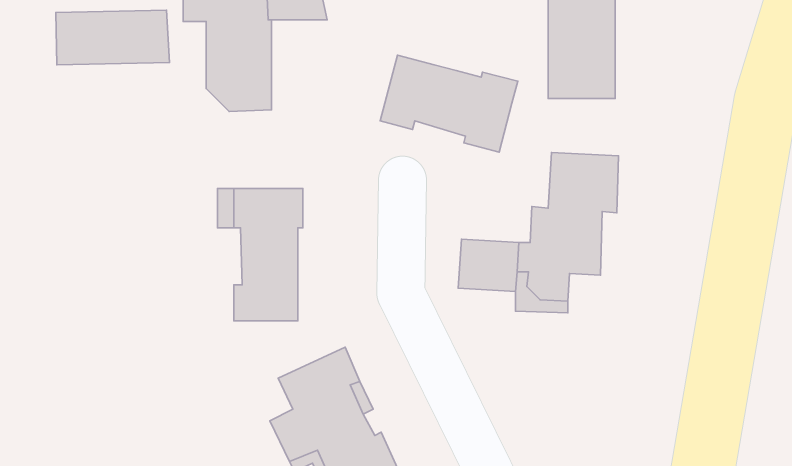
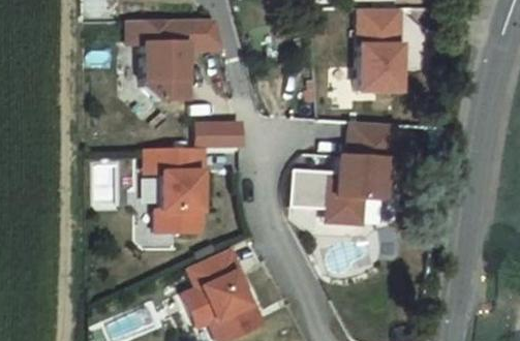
building: [56,10,169,65] -> none
building: [380,55,518,152] -> none
building: none -> [191,124,235,149]

